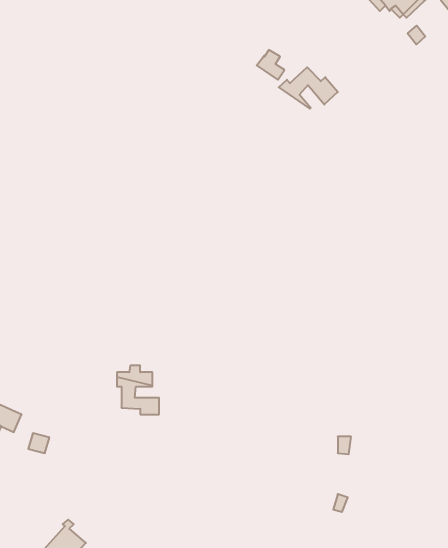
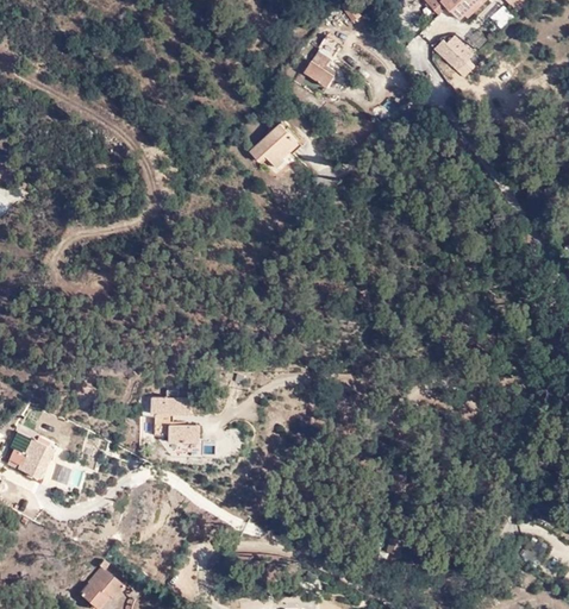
building: none -> [434,34,475,70]
building: [279,67,338,109] -> none
building: none -> [251,121,299,164]

